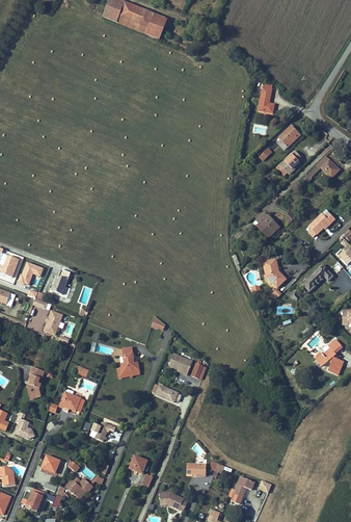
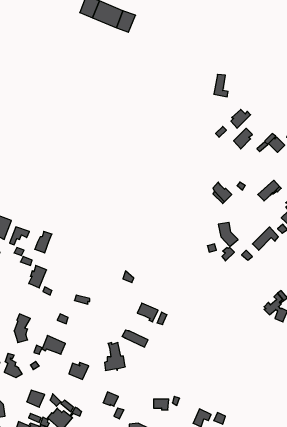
building: [117,345,141,377] -> [105,343,125,370]

